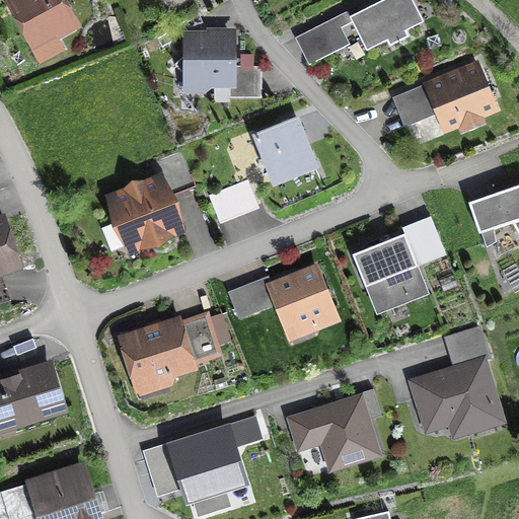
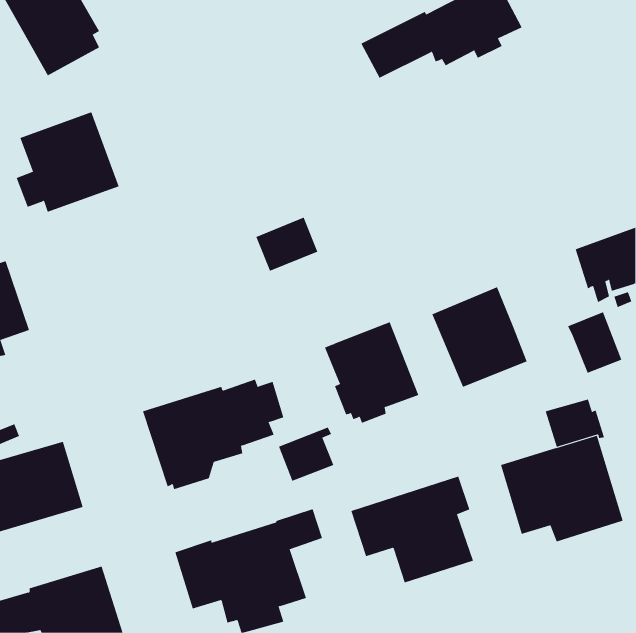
building: [181,26,262,101] -> none
building: [391,58,500,134] -> none
building: [250,116,318,189] -> none
building: [100,172,184,254] -> [16,112,119,213]
building: [401,215,446,266] -> [567,311,622,374]
building: [227,274,273,318] -> [278,427,334,482]

